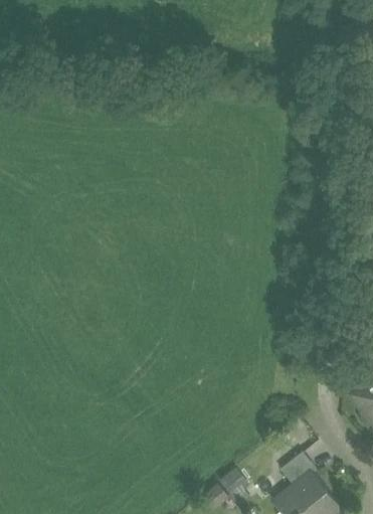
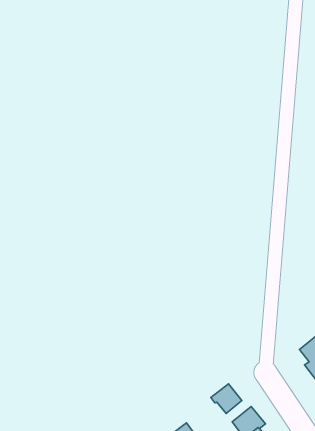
building: none -> [211,384,242,414]

